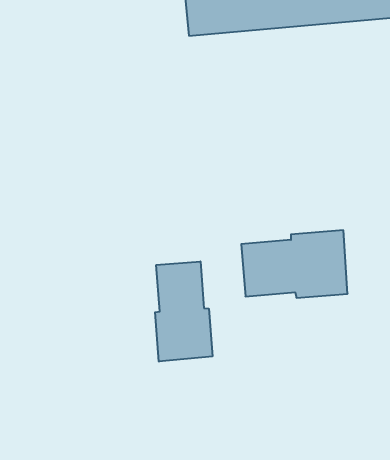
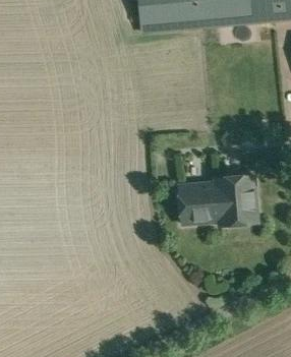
building: [155,261,212,362] -> none

